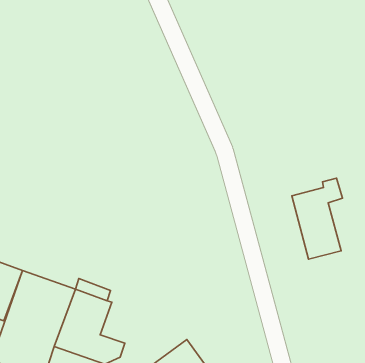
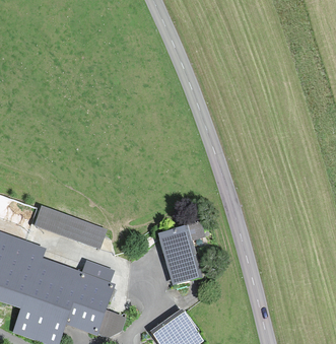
building: [292,178,342,259] -> [159,219,203,289]
building: none -> [36,206,106,248]

